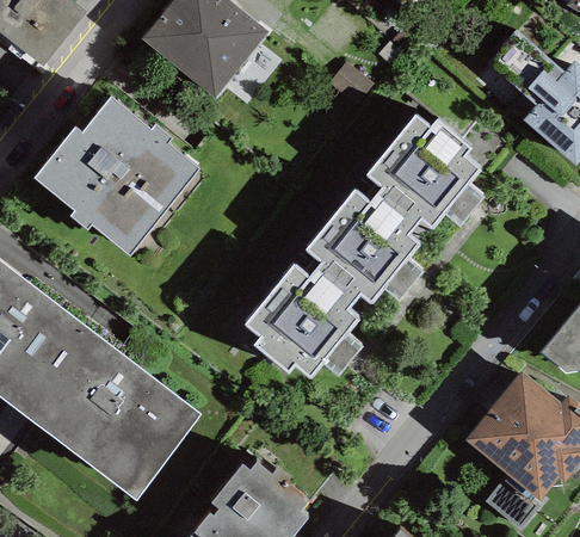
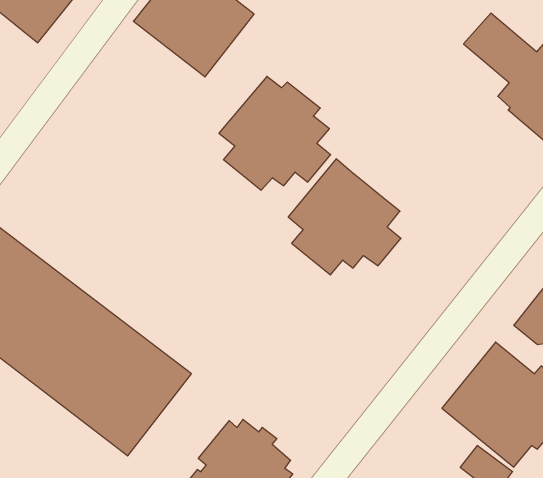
building: [31,93,199,252] -> none
building: [364,111,481,230] -> [219,76,331,190]
building: [243,260,359,375] -> none

